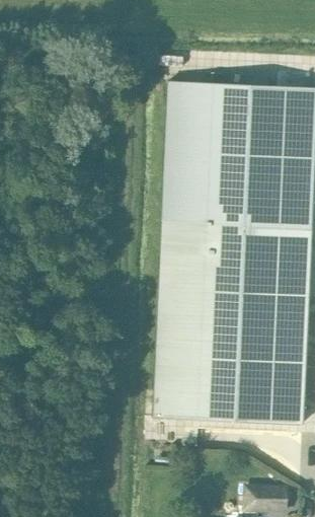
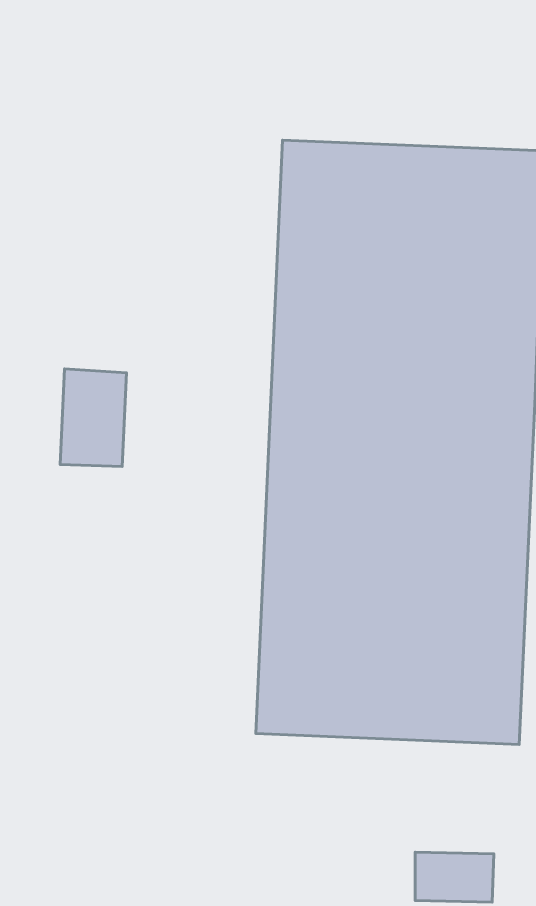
building: none -> [60,369,126,467]

